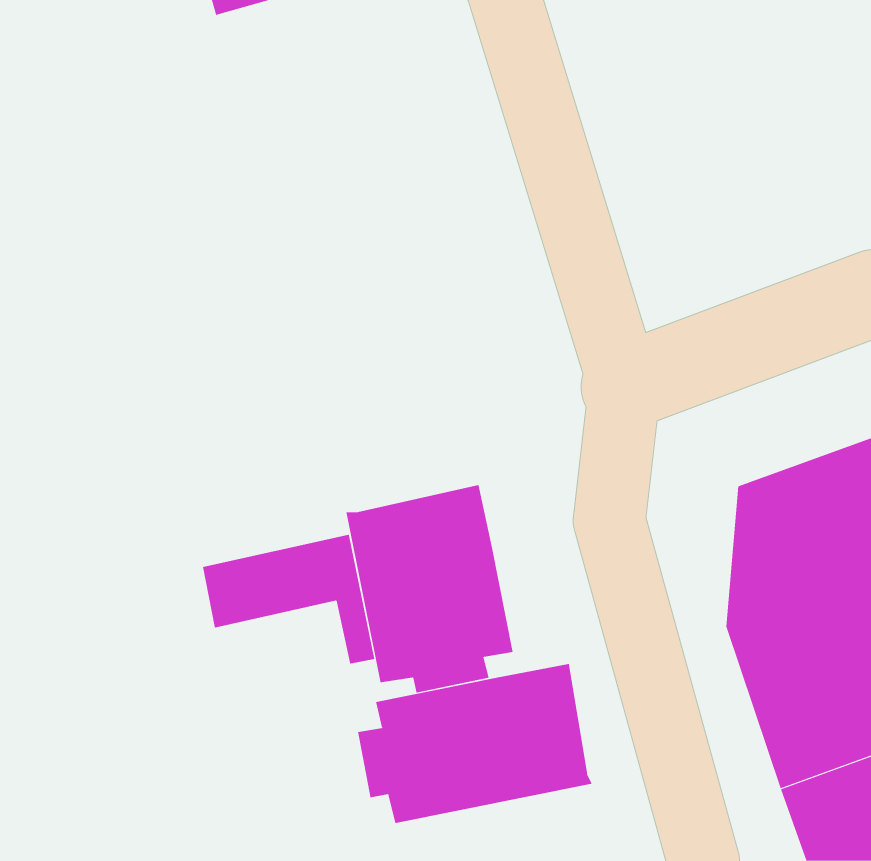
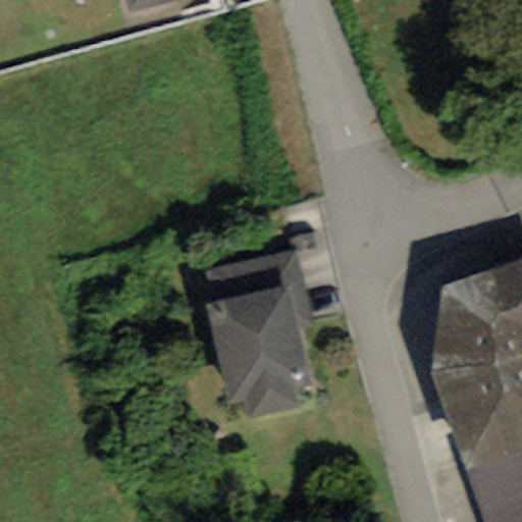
building: [202,534,375,664] -> [208,249,311,326]
building: [357,663,593,824] -> none

